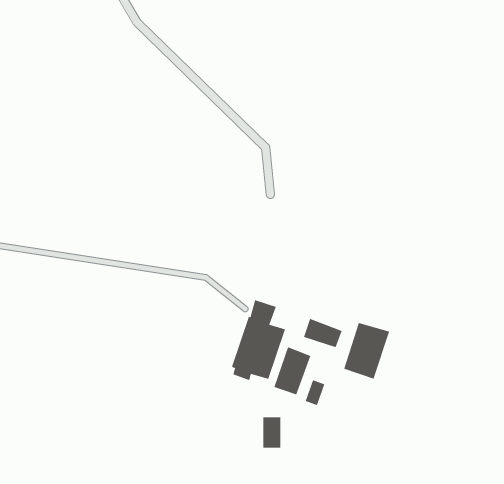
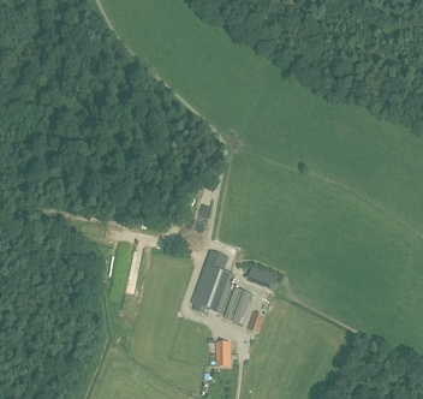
building: [344,322,390,380] -> none

